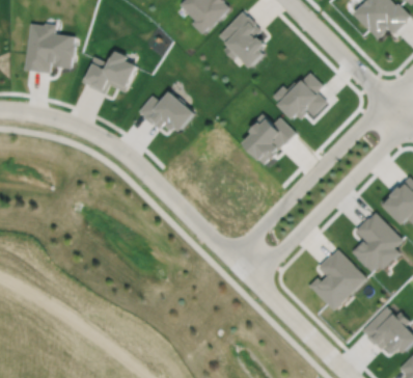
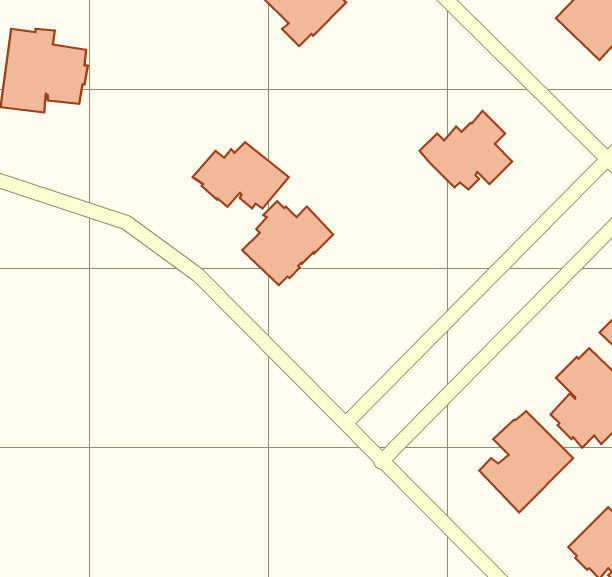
building: [218,11,267,65] -> none
building: [82,49,138,93] -> none
building: [242,113,296,163] -> [242,201,333,285]

